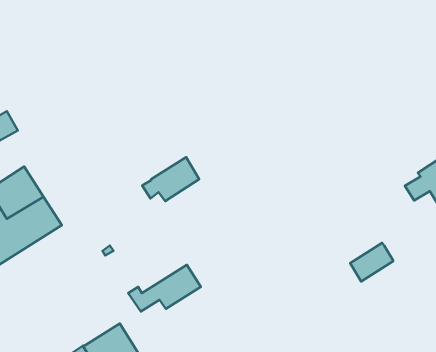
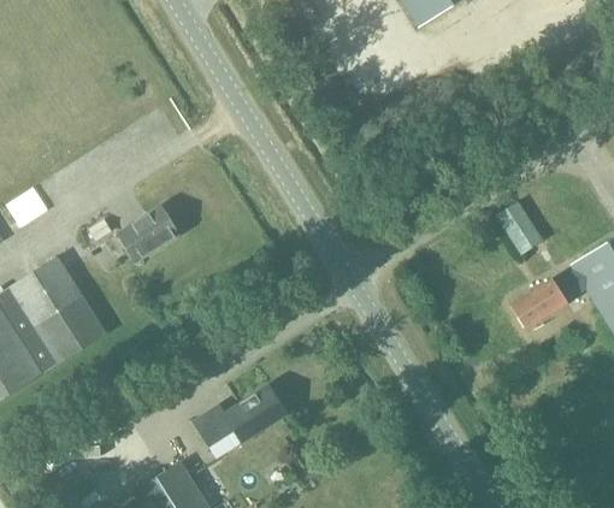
building: none -> [497,200,543,253]
building: [142,157,199,201] -> [105,203,179,261]
building: [350,243,393,281] -> [510,277,567,327]

